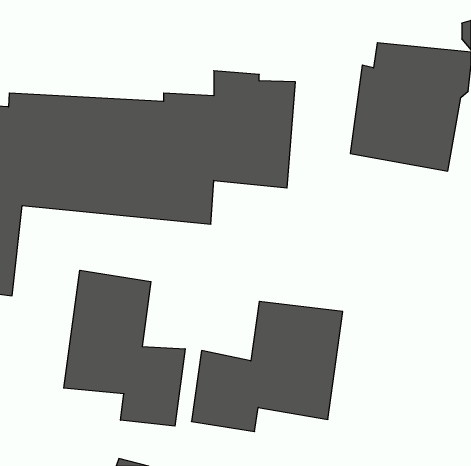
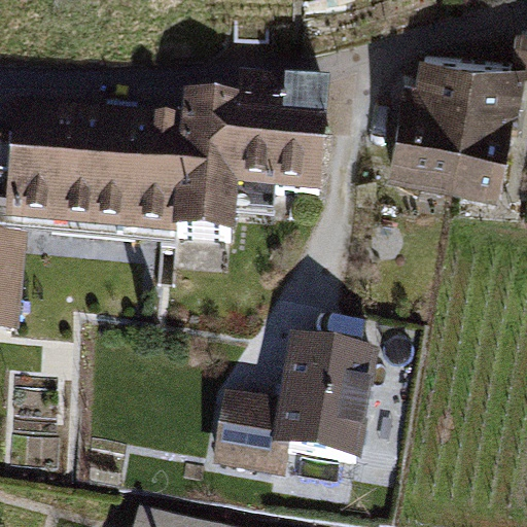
building: [64,270,185,426] -> none

